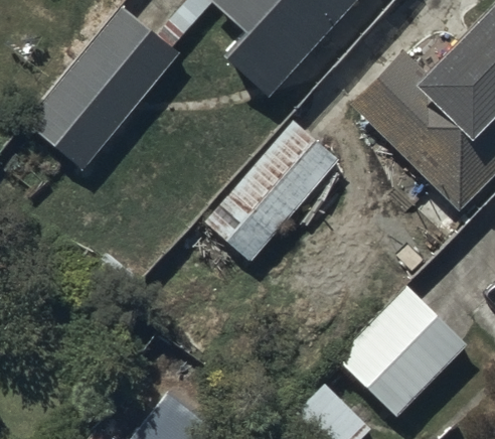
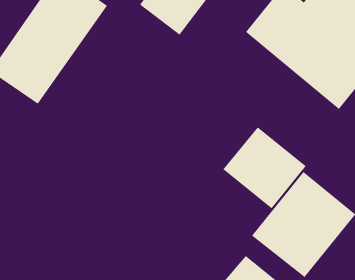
building: [202,117,344,264] -> none
building: none -> [223,127,306,209]

